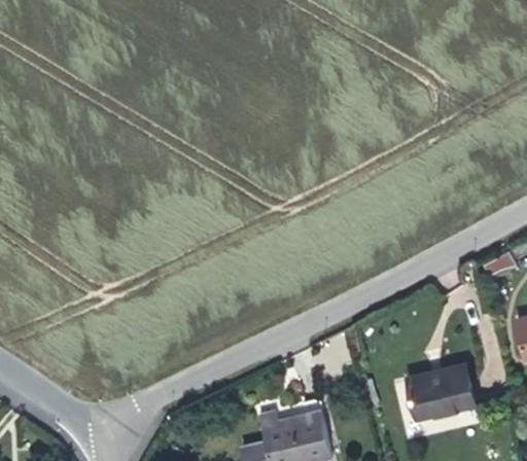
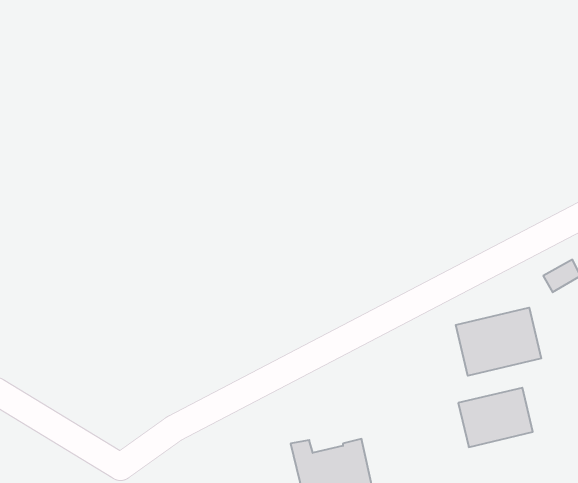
building: none -> [456,308,541,376]

